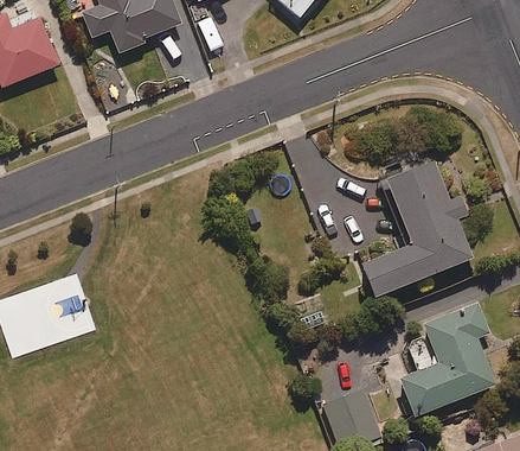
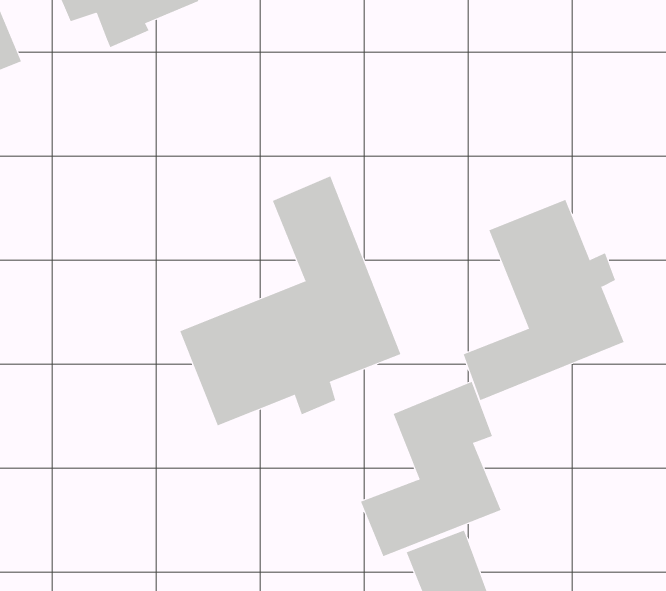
building: none -> [179,176,401,426]
building: [399,296,496,417] -> [360,381,501,557]

